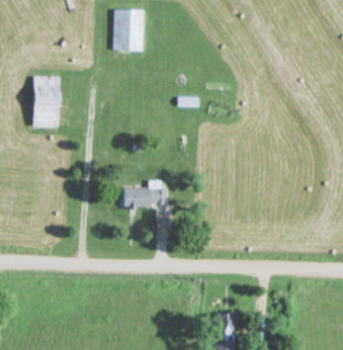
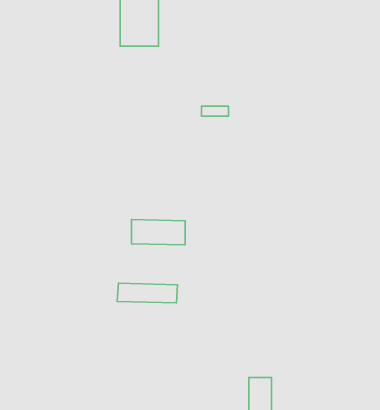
building: [33,75,59,126] -> none
building: none -> [117,283,178,303]

